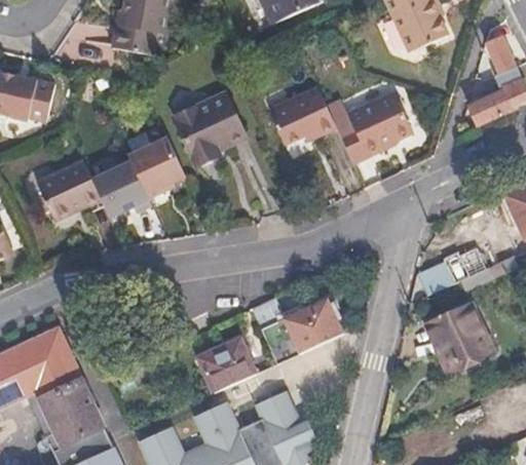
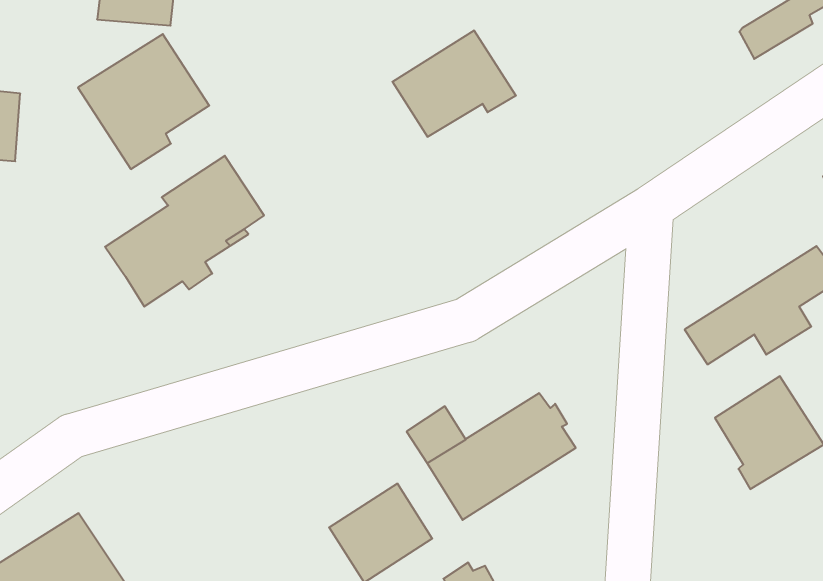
building: [340,92,414,163] -> none
building: [174,93,247,167] -> [78,34,209,169]
building: [38,158,103,221] -> none

